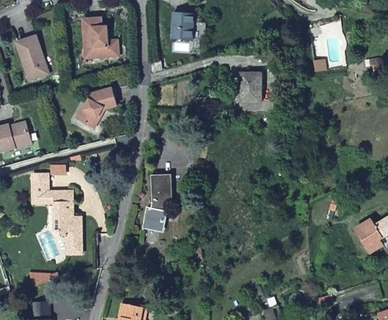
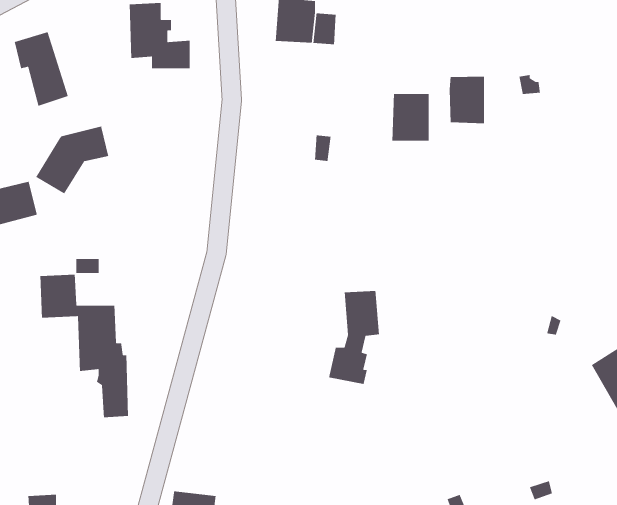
building: none -> [449,76,485,124]
building: [75,89,118,129] -> [35,126,109,194]
building: [145,176,175,231] -> [328,290,380,385]

